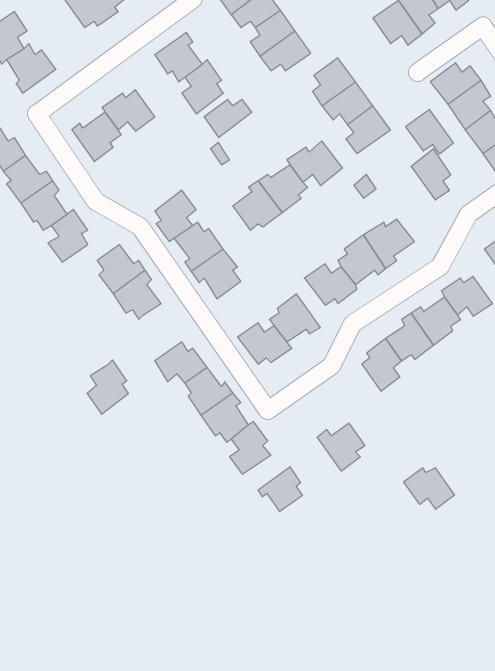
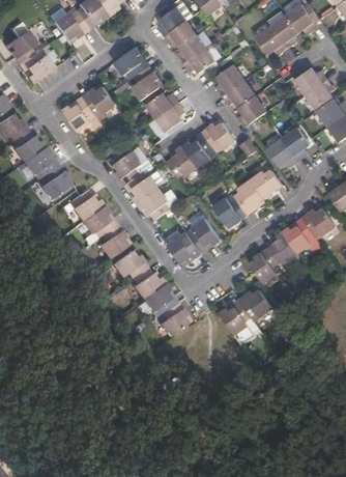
building: [406,109,453,154] -> [264,135,295,164]
building: none -> [154,100,183,131]
building: [87,360,128,414] -> [104,221,131,256]
building: [258,467,302,512] -> none
building: [404,468,455,509] -> [237,289,270,316]

